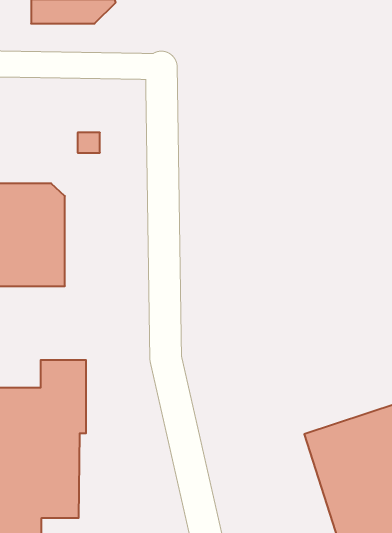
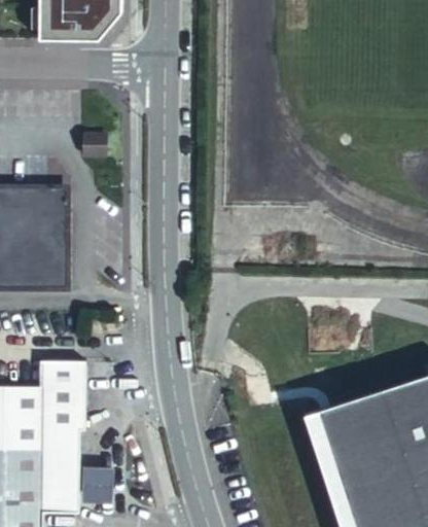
building: none -> [84,463,115,499]

